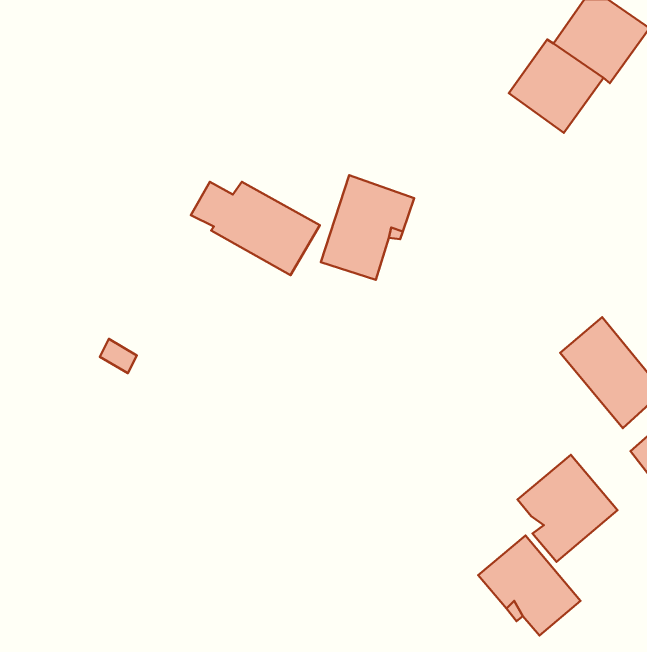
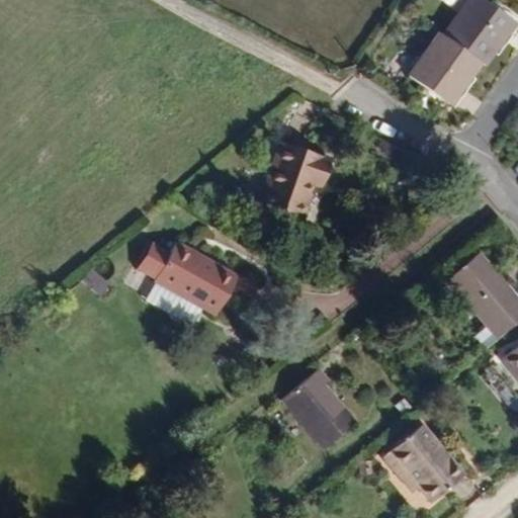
building: [191,182,320,275] -> [137,242,239,316]
building: [518,455,617,562] -> none
building: none -> [281,366,357,449]

